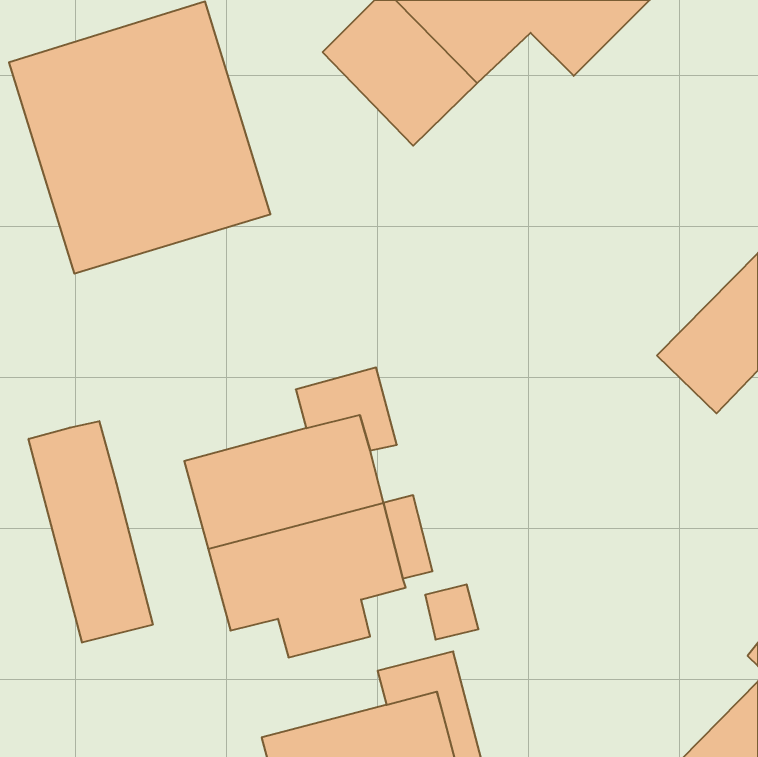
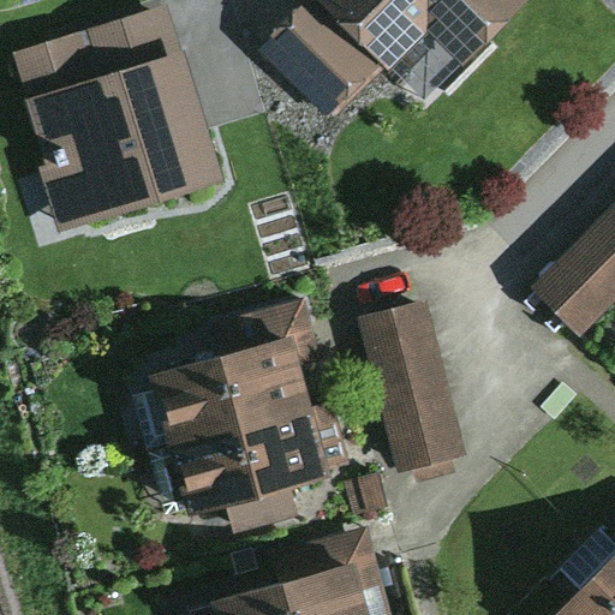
building: none -> [359,301,462,485]
building: [29,421,153,643] -> none

